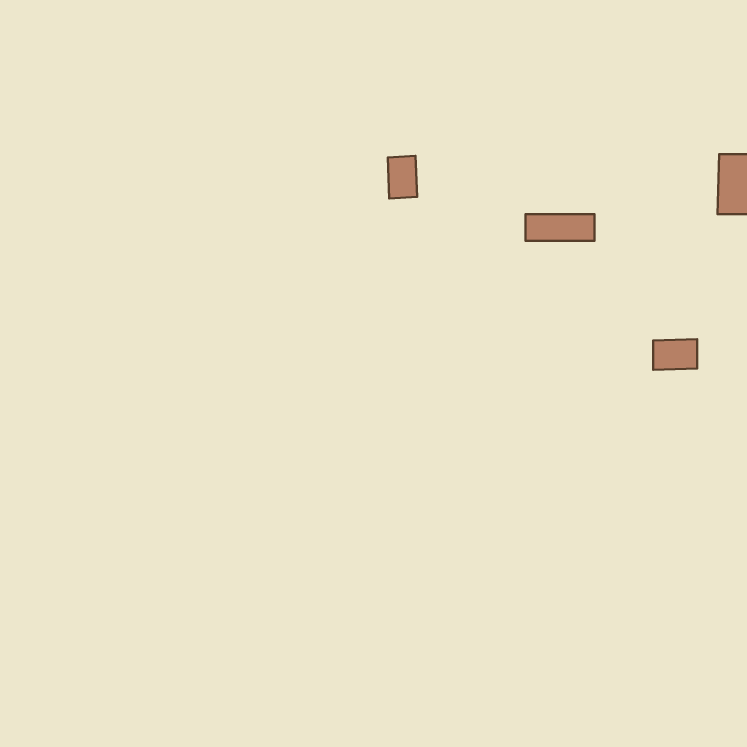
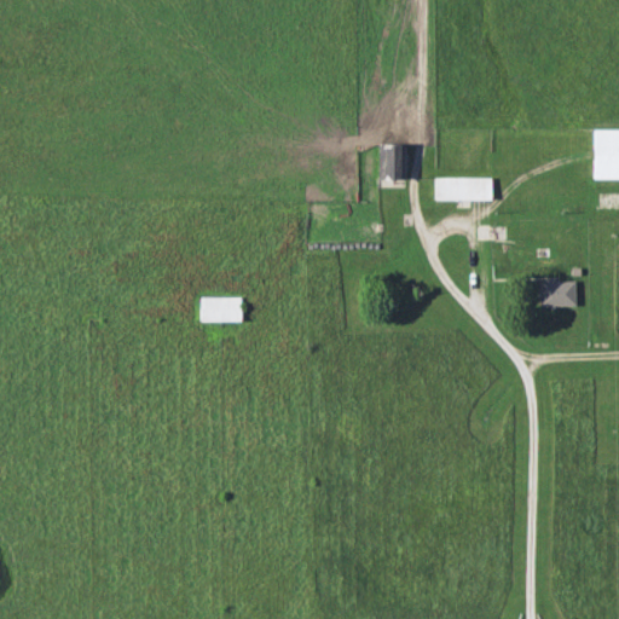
building: [388,156,417,198] -> [381,145,405,180]
building: none -> [201,297,243,322]

